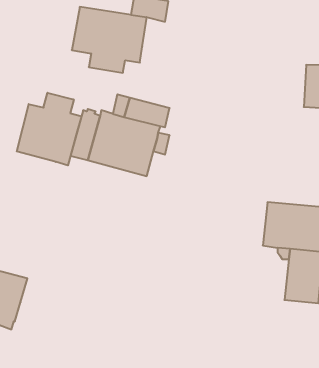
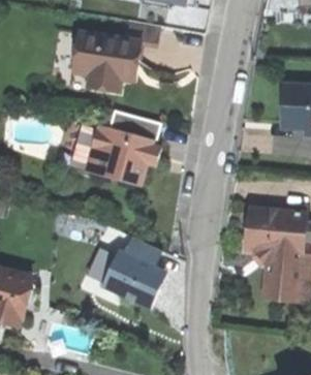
building: [17,93,82,165] -> none
building: none -> [101,238,165,308]

